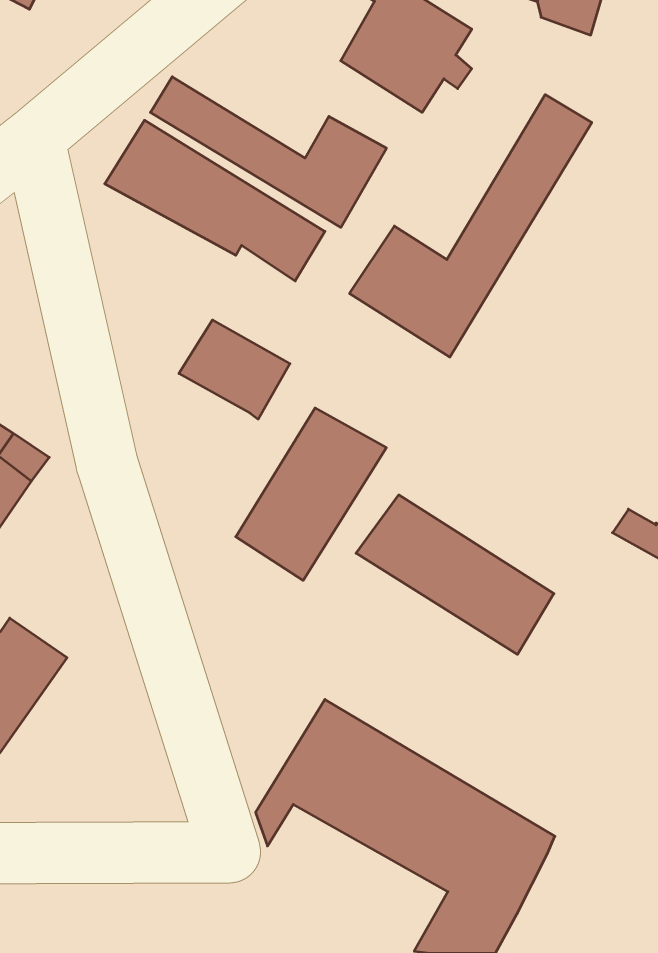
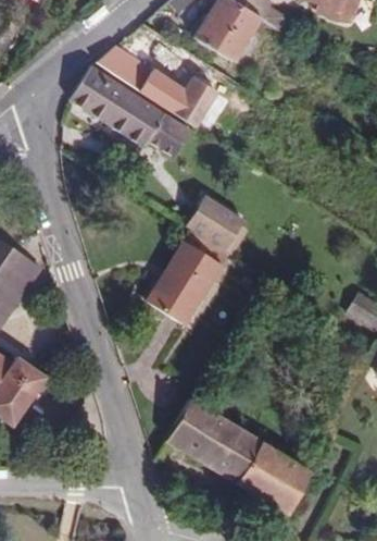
building: [350,95,592,357] -> none
building: [179,320,290,419] -> [188,202,249,257]
building: [356,495,554,654] -> none

